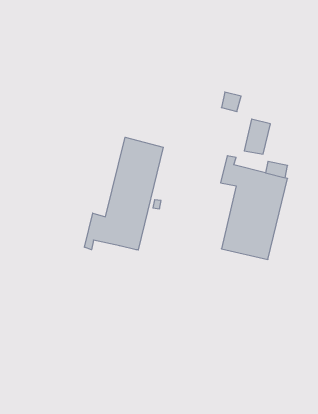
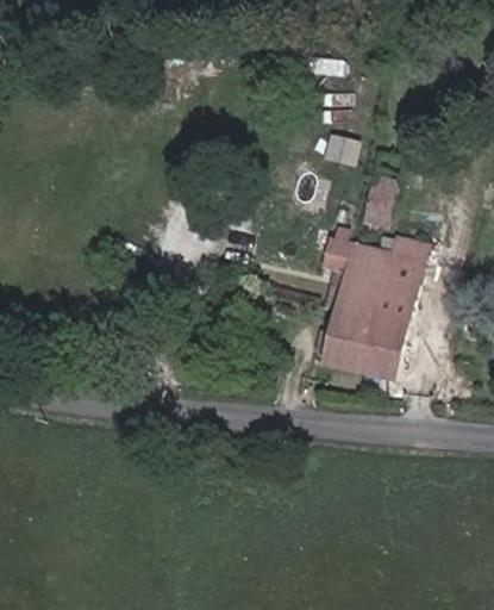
building: [84,137,163,250] -> none

